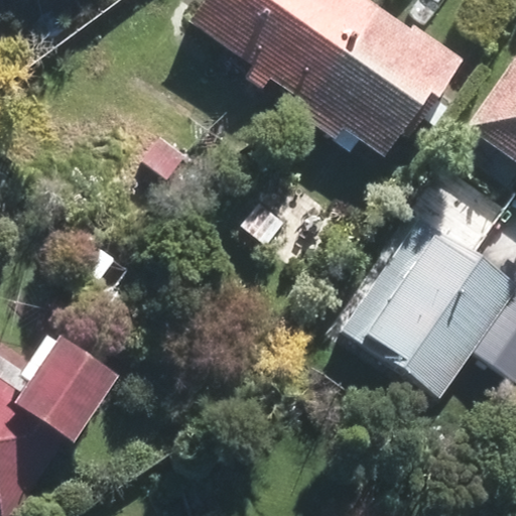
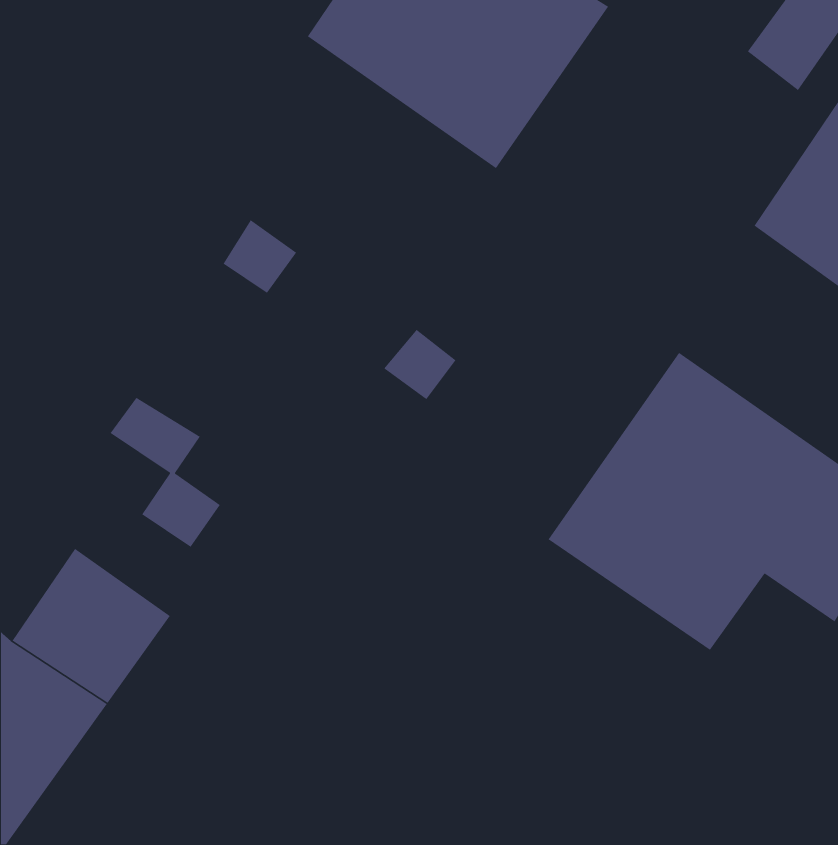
building: [299,4,470,160] -> none

